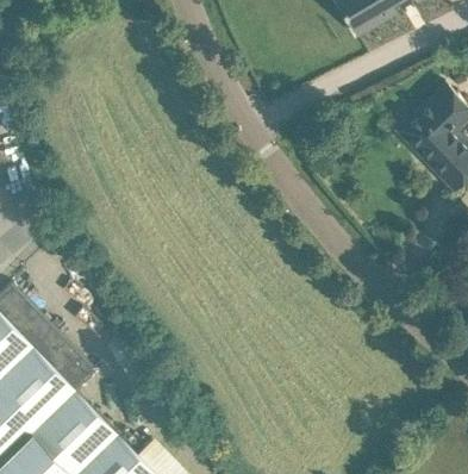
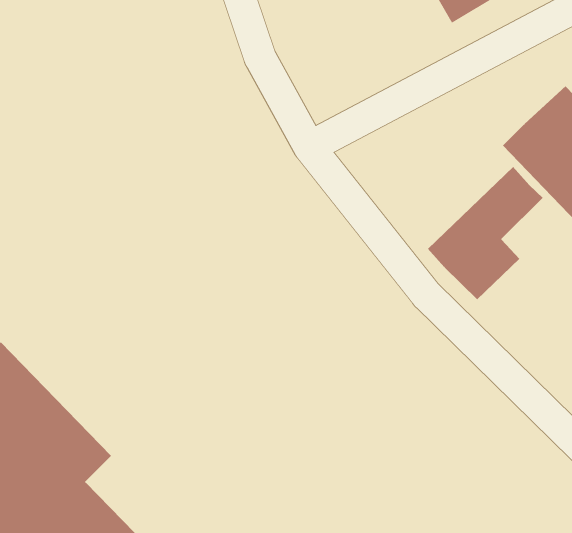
building: none -> [427,166,543,300]

